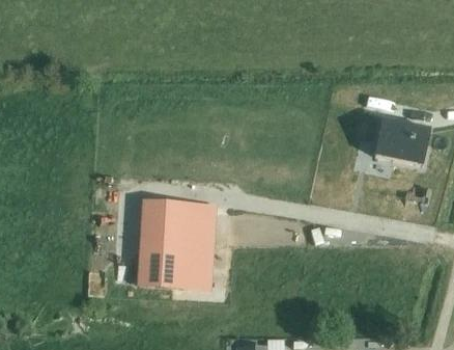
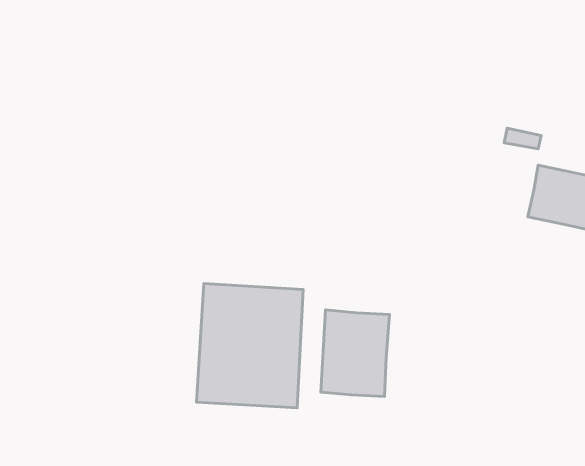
building: none -> [321,310,389,397]

